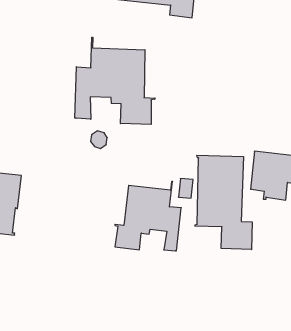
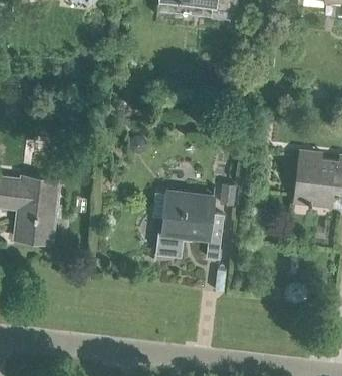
building: [75,37,155,124] -> none
building: [195,155,252,250] -> none

